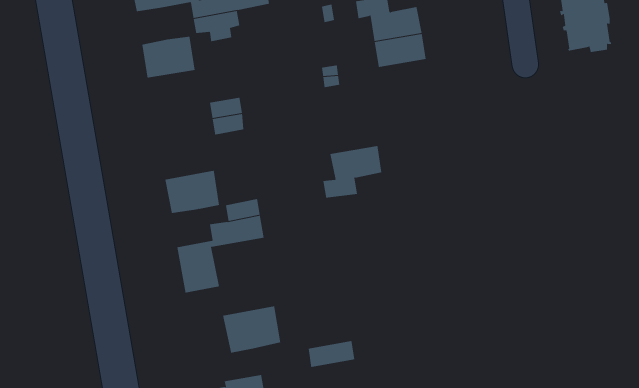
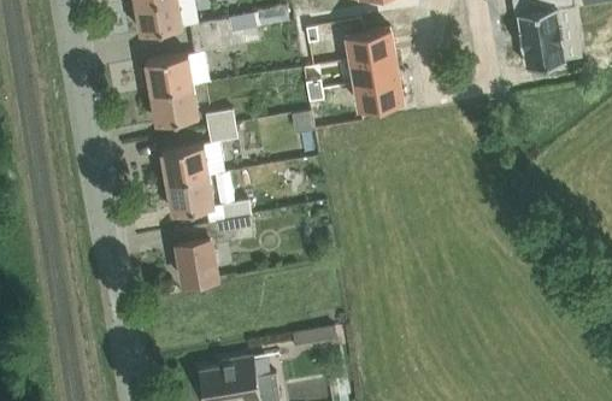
building: none -> [149,85,198,124]
building: none -> [160,145,210,183]
building: [323,146,382,198] -> [349,76,402,123]
building: [222,306,281,353] -> none

